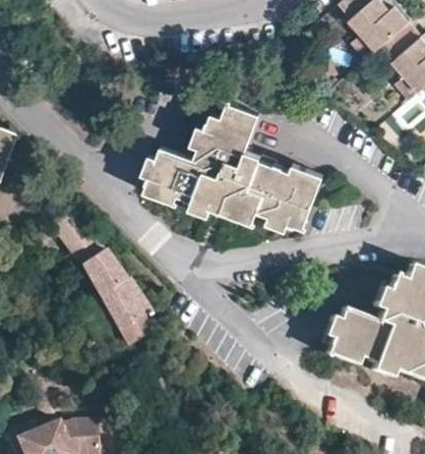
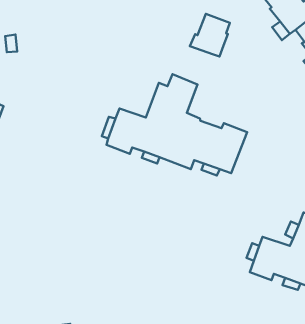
building: none -> [190,14,230,57]
building: [53,214,163,346] -> none

